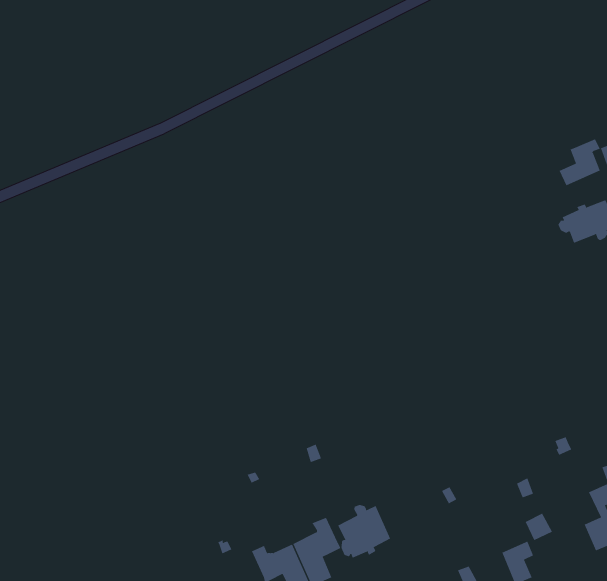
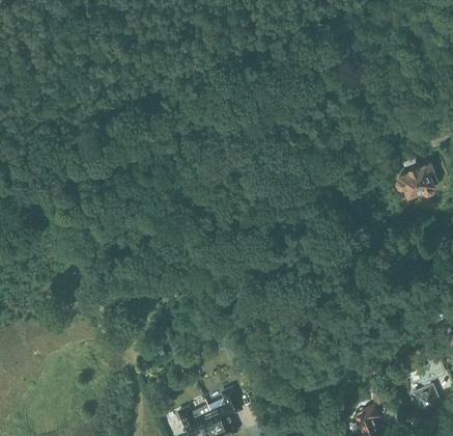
building: [559,139,600,186] -> none
building: [337,504,391,558] -> none

